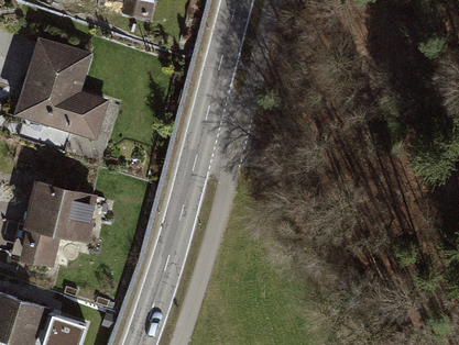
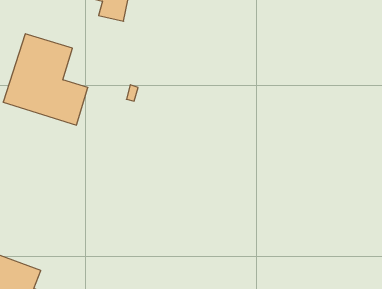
building: [14,179,96,269] -> none

